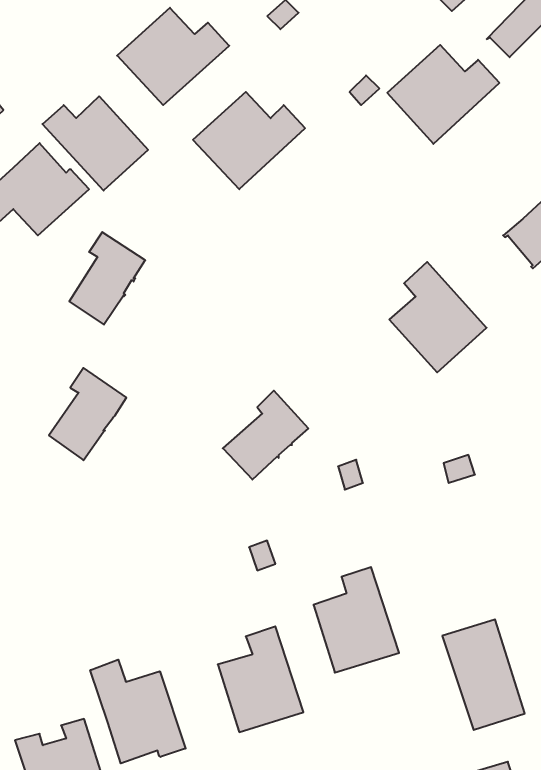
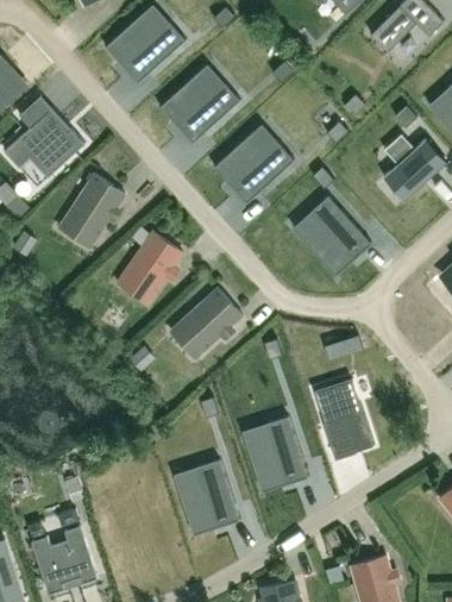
building: [387,45,499,144] -> [213,131,294,202]
building: [42,96,148,191] -> none
building: [49,368,126,460] -> [127,231,183,297]
building: [442,619,525,730] -> [313,375,372,454]
building: [90,660,186,763] -> none

